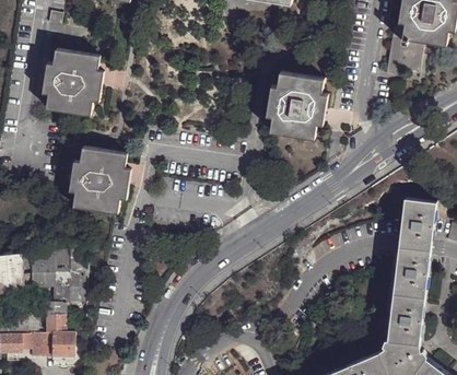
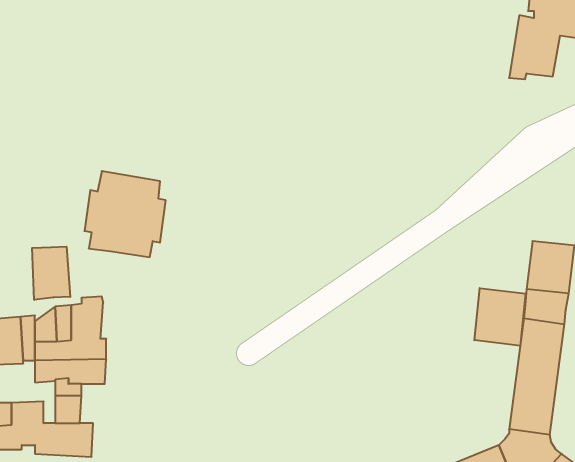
building: [42,49,102,116] -> none
building: [269,74,330,142] -> none
building: none -> [32,247,70,300]
building: none -> [474,288,525,346]

